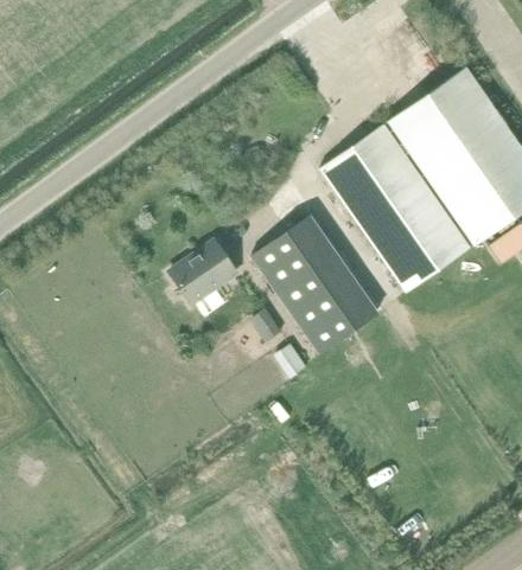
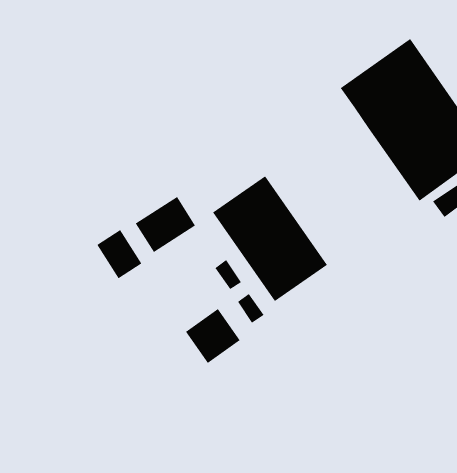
building: [320,123,472,293] -> none
building: none -> [96,229,142,279]
building: none -> [185,308,241,364]

